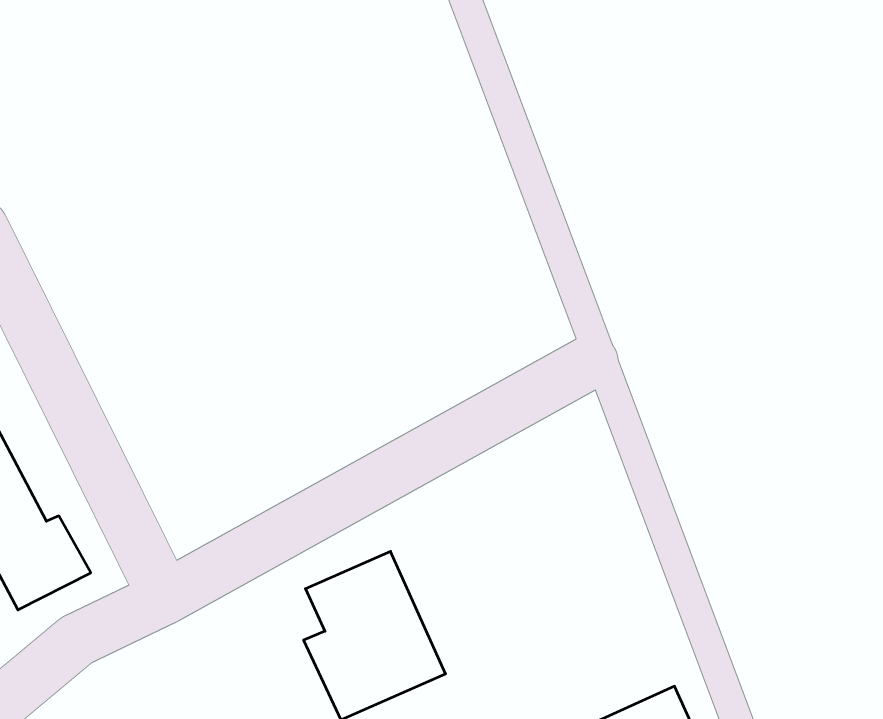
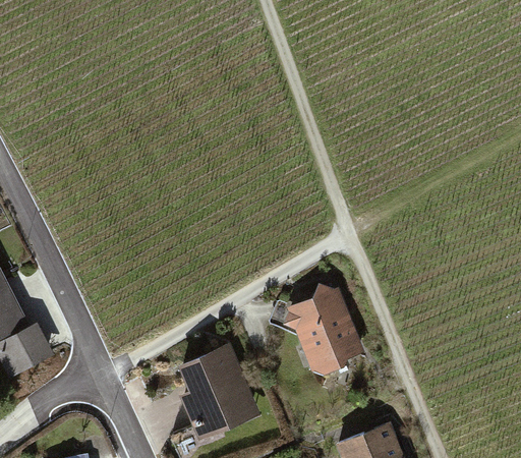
building: none -> [288,281,366,374]

